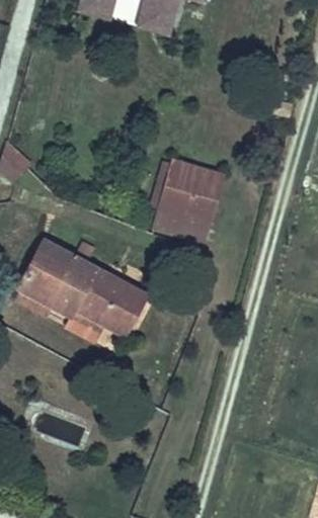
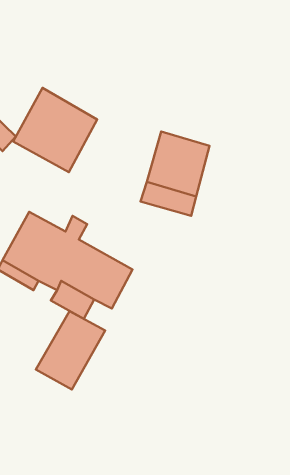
building: none -> [13,88,97,172]
building: none -> [36,311,105,389]

